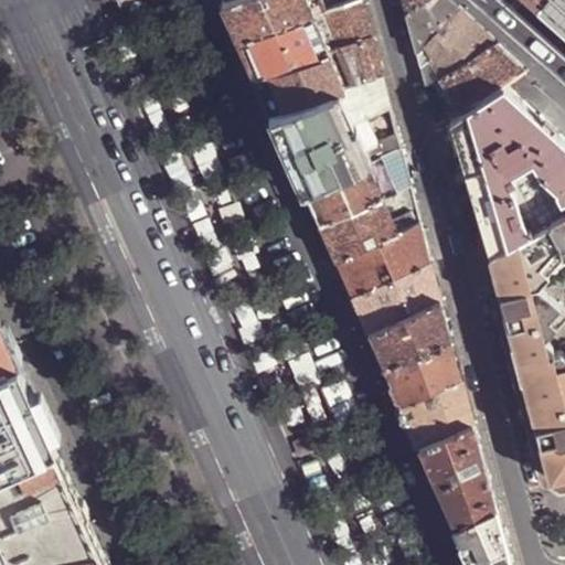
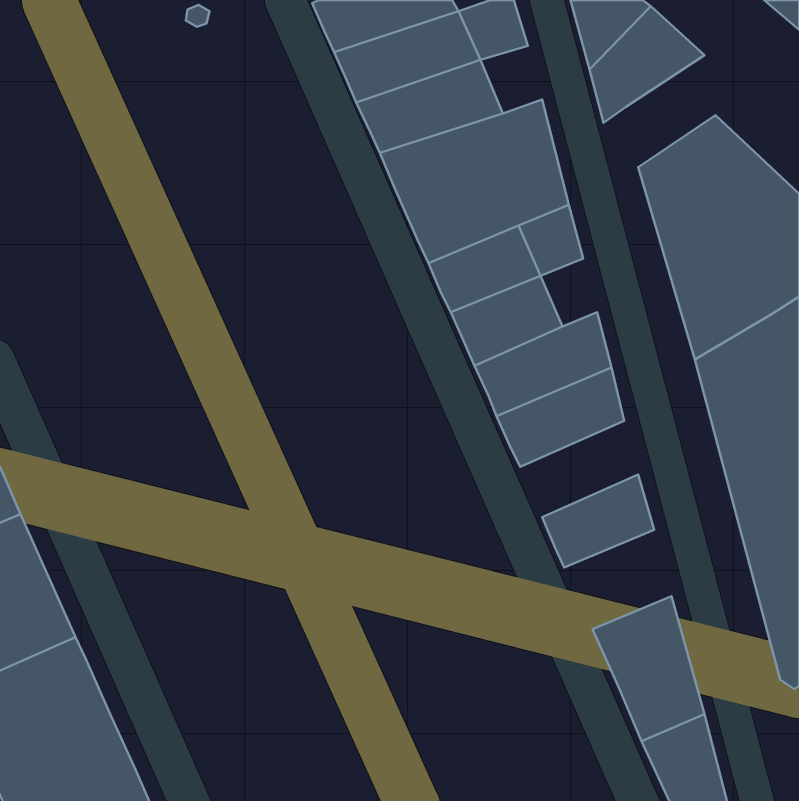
building: [337,35,380,83] -> none
building: [438,42,523,111] -> none
building: [379,184,418,232] -> none
building: [364,298,447,365] -> none
building: [395,374,470,444] -> none

